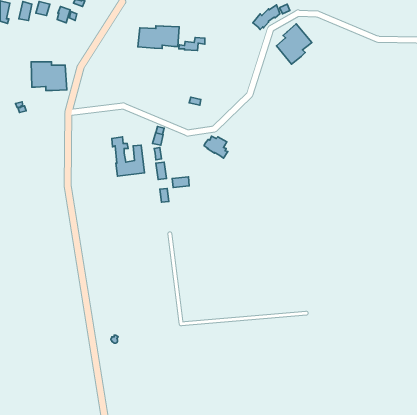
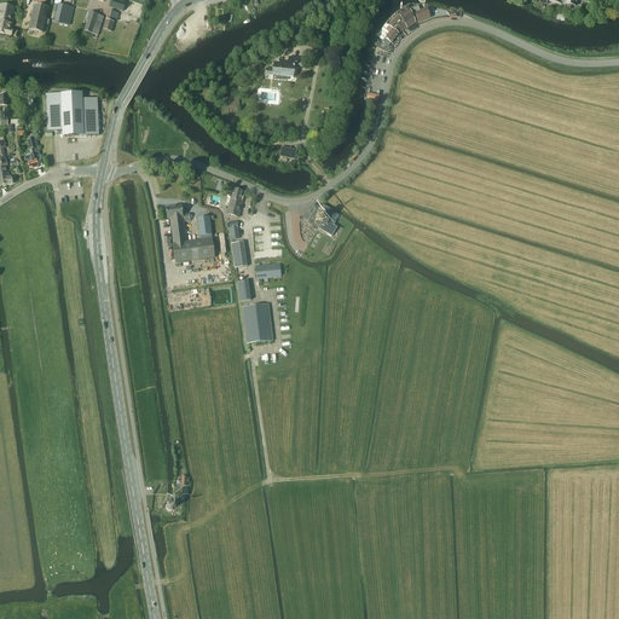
building: [277,24,312,64] -> none
building: [138,26,179,48] -> none
building: none -> [242,302,272,342]

